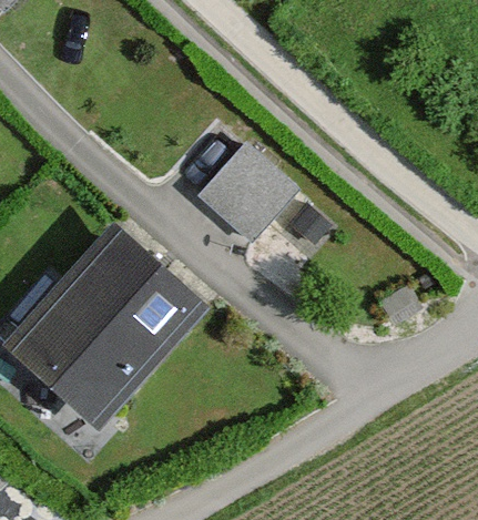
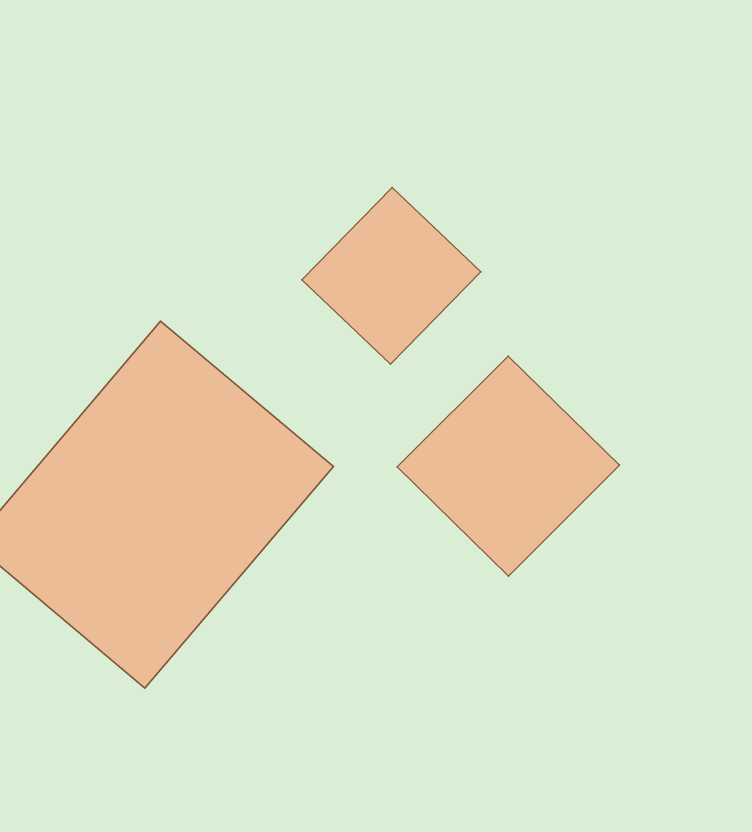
building: none -> [397,356,620,576]

